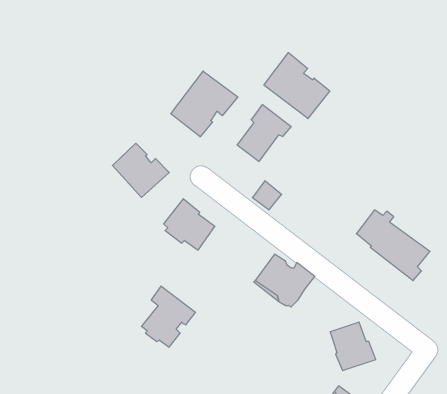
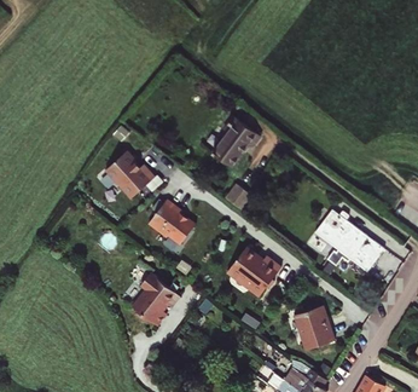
building: [264,53,330,119] -> none
building: [171,71,238,137] -> none

